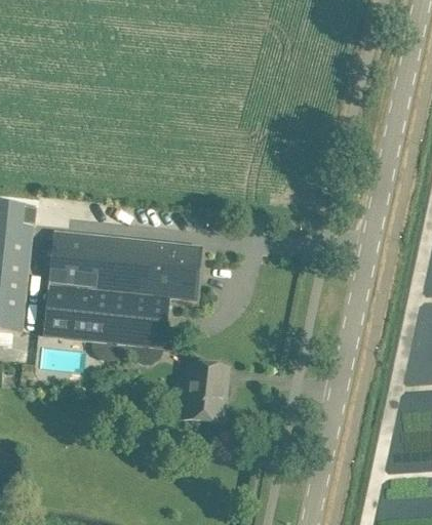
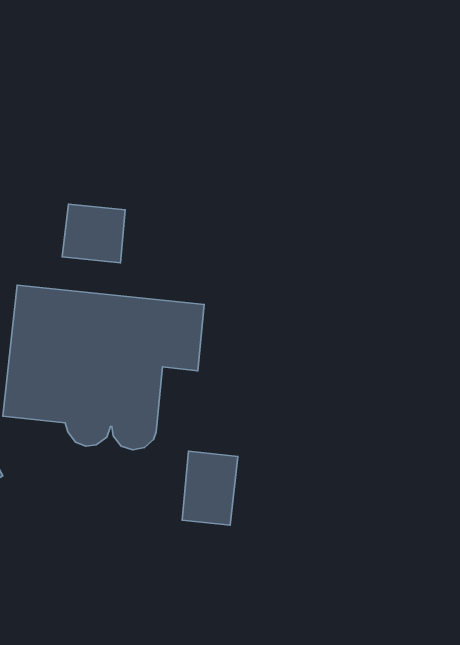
building: none -> [62,204,125,263]

